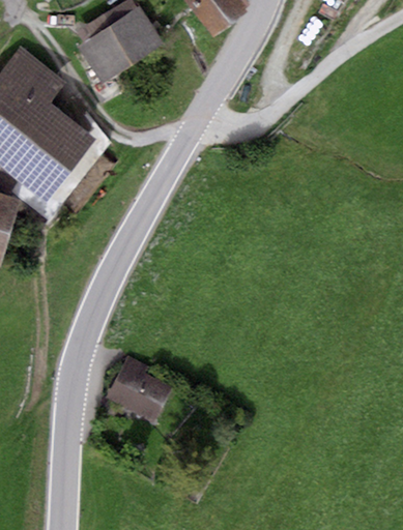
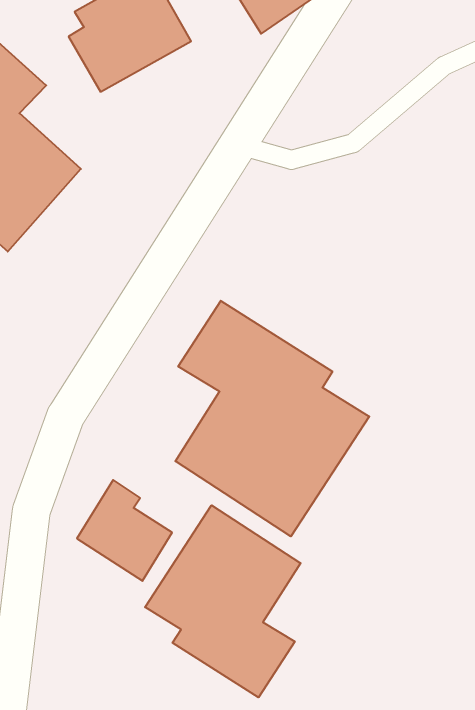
building: none -> [175,301,369,536]
building: none -> [145,505,301,697]

